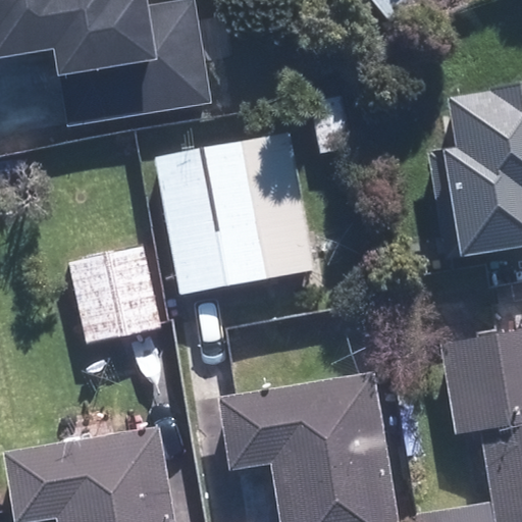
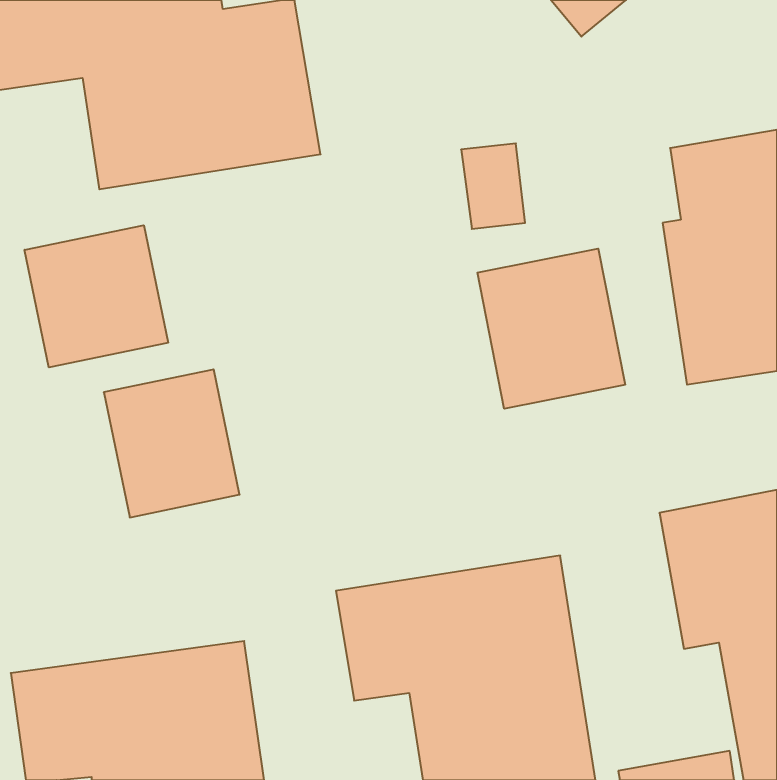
building: [155,132,316,295] -> none
building: none -> [25,225,168,367]
building: none -> [477,249,625,409]

